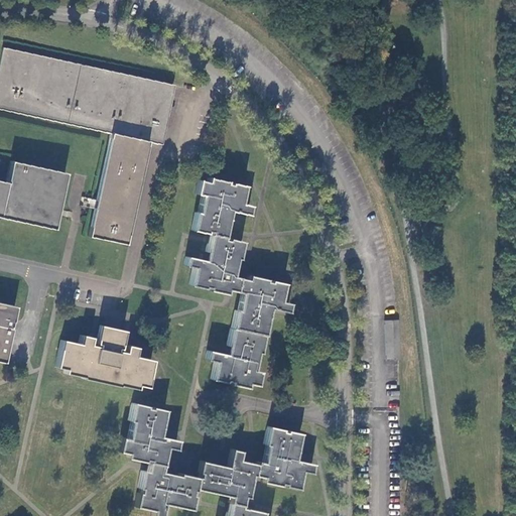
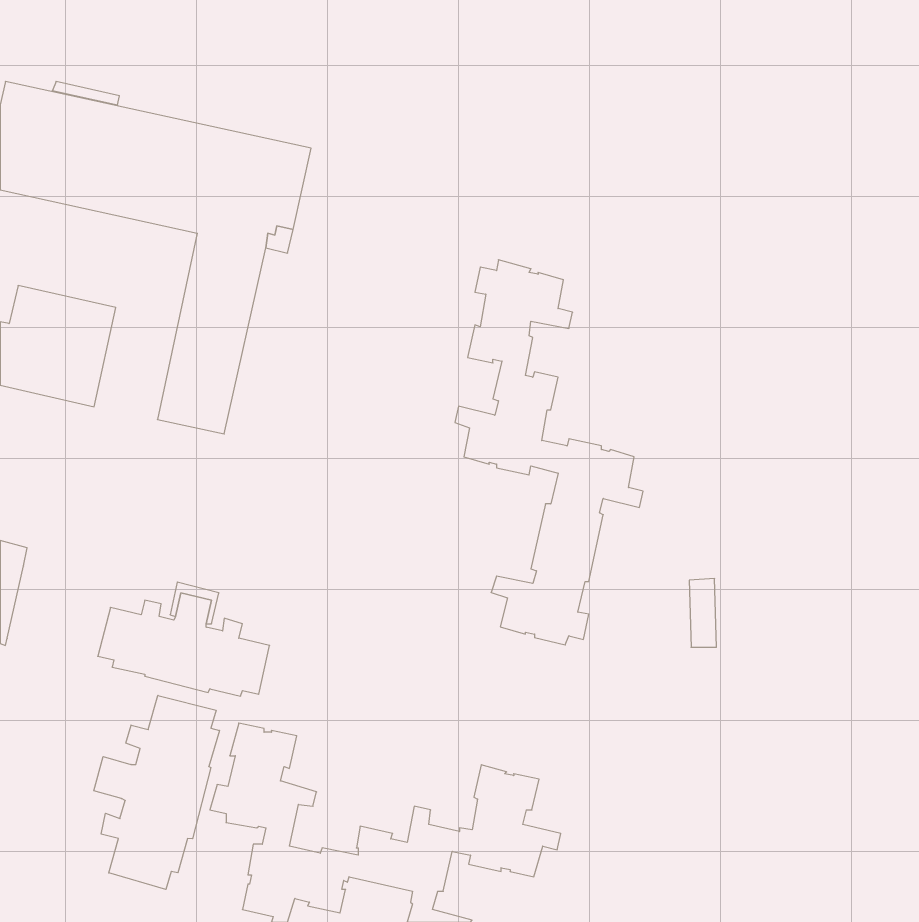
building: [187,174,292,389] -> [455,260,643,645]
building: none -> [94,695,219,889]

